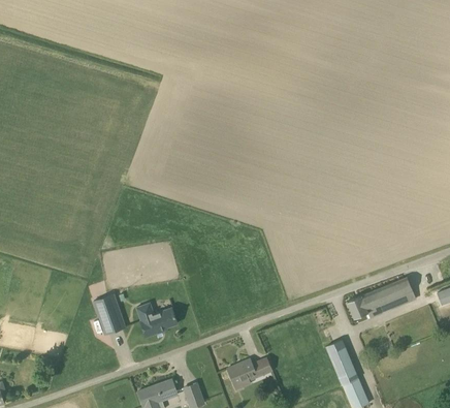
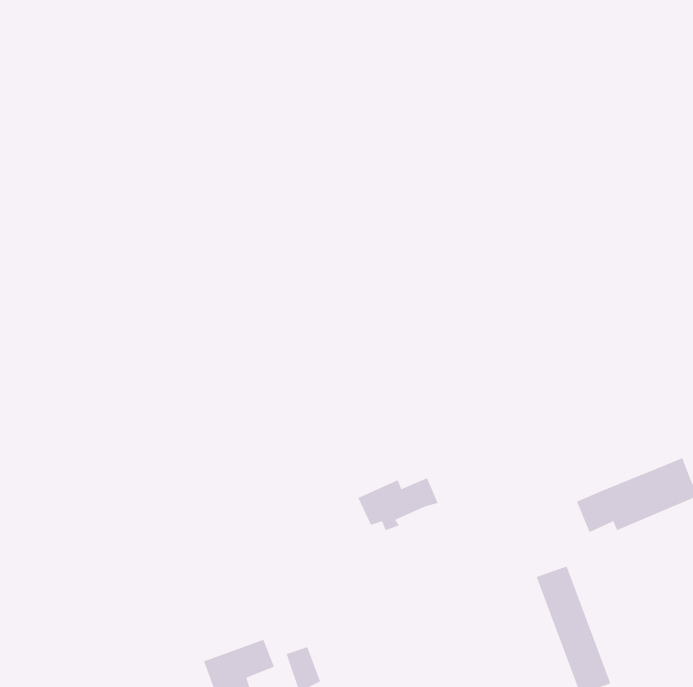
building: [95,292,126,333] -> none
building: [136,301,179,336] -> none
building: [228,356,274,386] -> [358,478,438,531]

